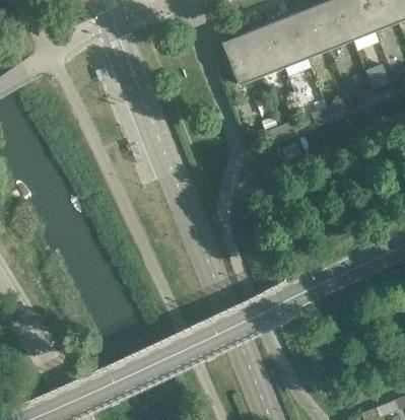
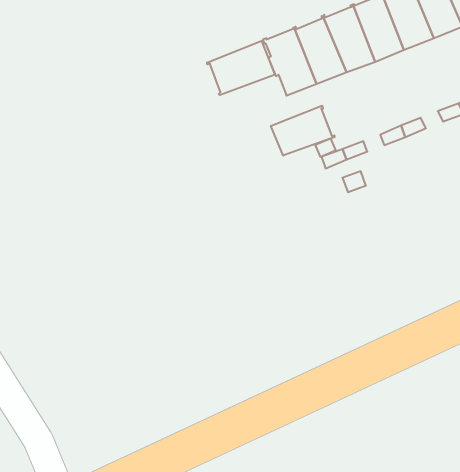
building: none -> [207,41,275,95]
building: none -> [271,106,334,156]

